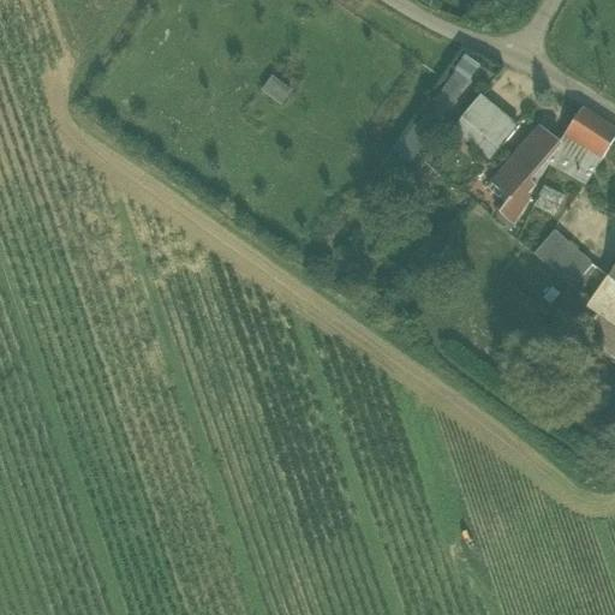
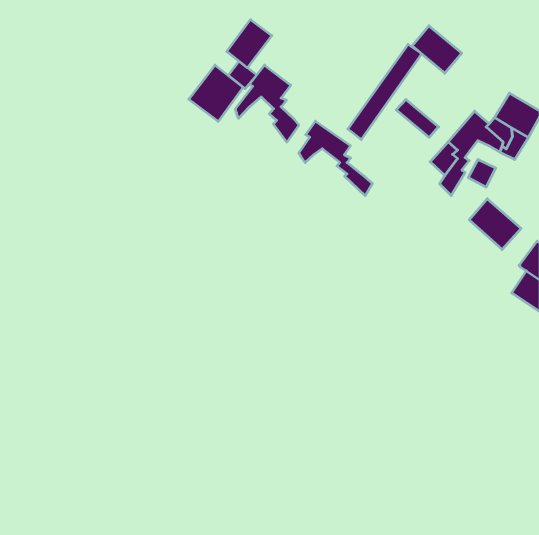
building: none -> [227,20,272,68]
building: none -> [236,65,299,142]
building: none -> [189,65,243,121]
building: [462,90,519,144] -> [412,26,462,73]
building: none -> [299,121,372,196]

